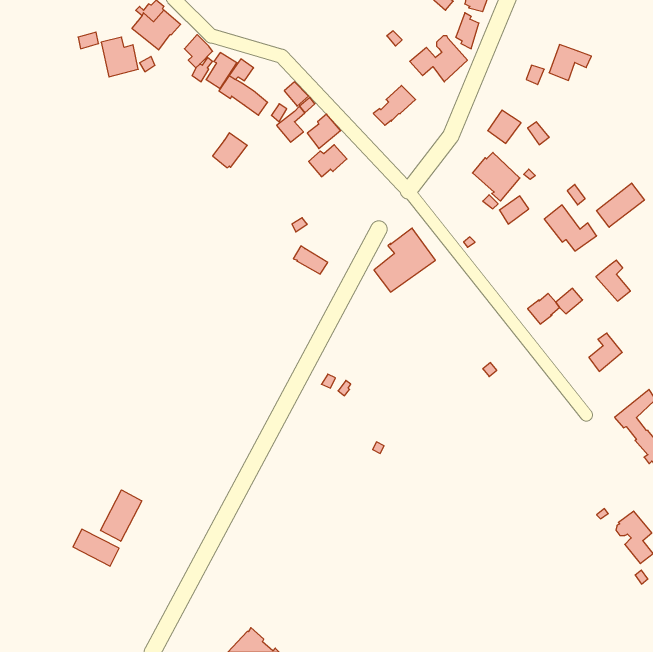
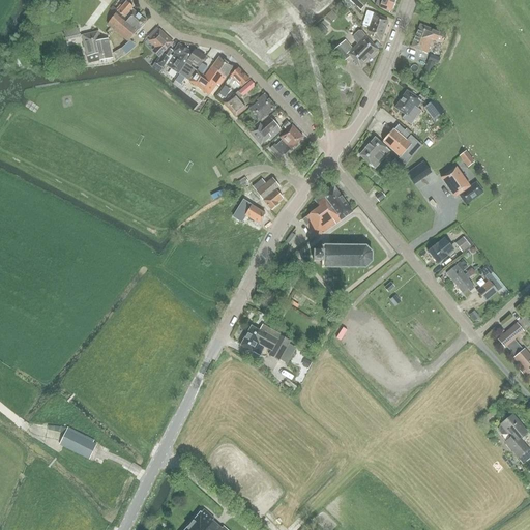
building: [549,45,591,80] -> [412,23,446,52]
building: [373,85,416,125] -> [270,124,304,156]
building: [213,133,247,167] -> [206,55,234,83]
building: none -> [360,136,390,167]
building: [597,183,644,227] -> none
building: none -> [254,176,283,208]
building: [596,260,630,301] -> [446,259,474,292]
building: none -> [314,244,372,266]
building: none -> [241,324,296,361]
building: [101,490,142,541] -> none

